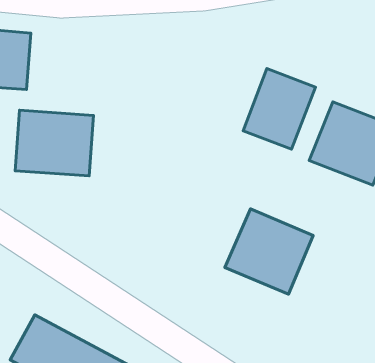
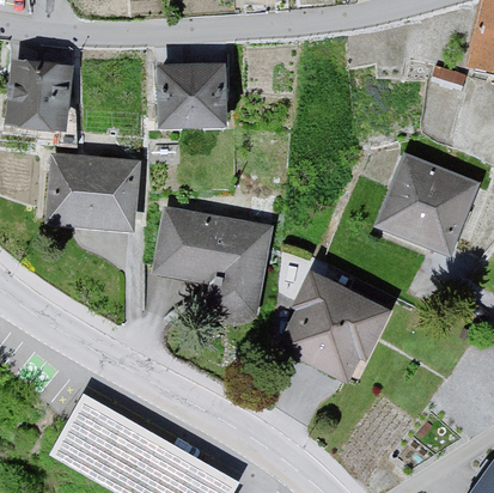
building: none -> [158,72,219,133]
building: [243,68,315,149] -> none
building: none -> [165,203,278,310]

